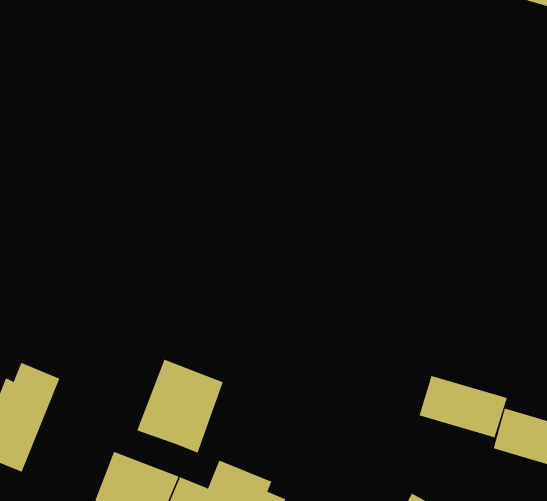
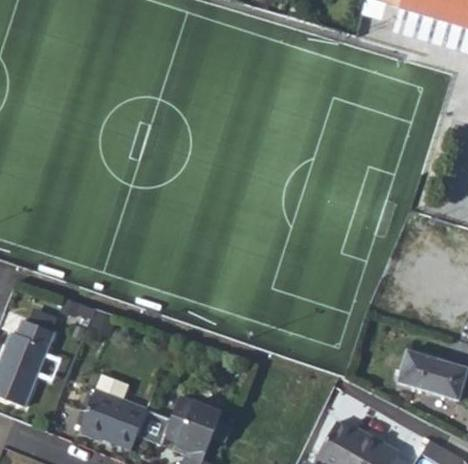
building: [137,359,224,454] -> none
building: [419,375,507,438] -> none

